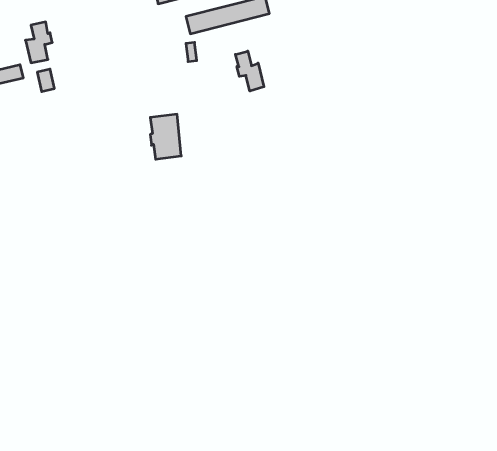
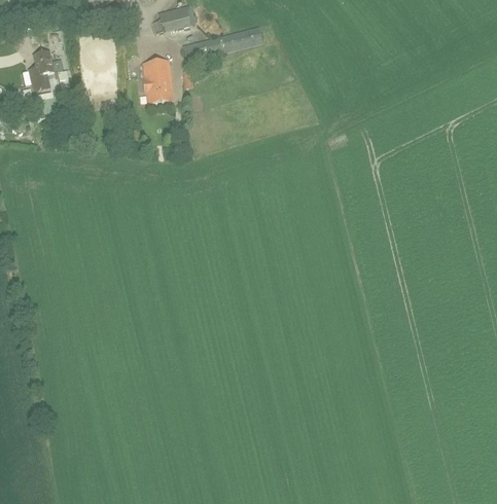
building: [235,51,264,91] -> none
building: [150,114,181,159] -> [143,59,173,102]

